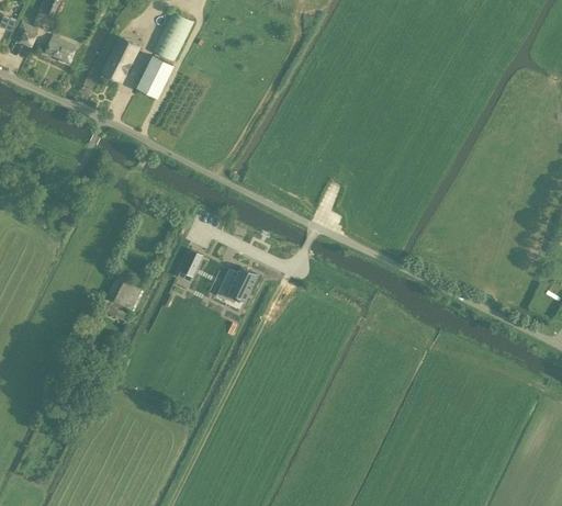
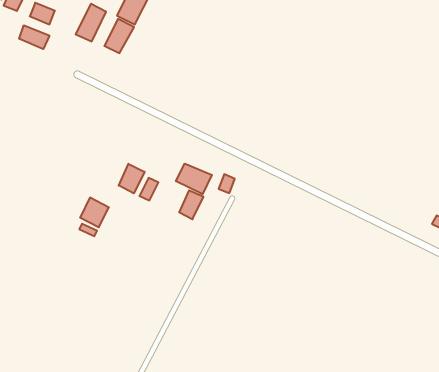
building: none -> [19,25,49,49]
building: none -> [176,164,212,194]
building: none -> [119,164,145,193]

